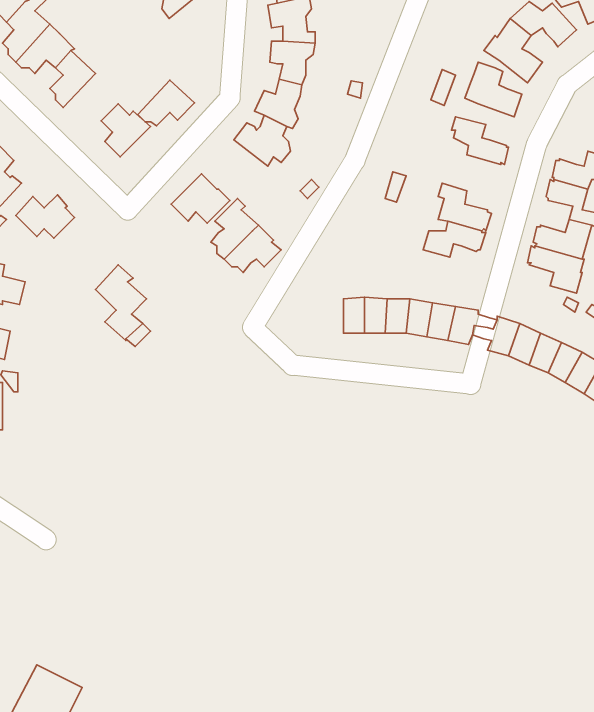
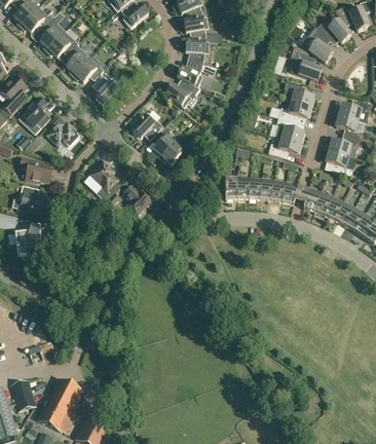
building: [138,80,195,126] -> [73,58,104,82]
building: none -> [278,102,311,121]
building: none -> [123,185,151,214]

